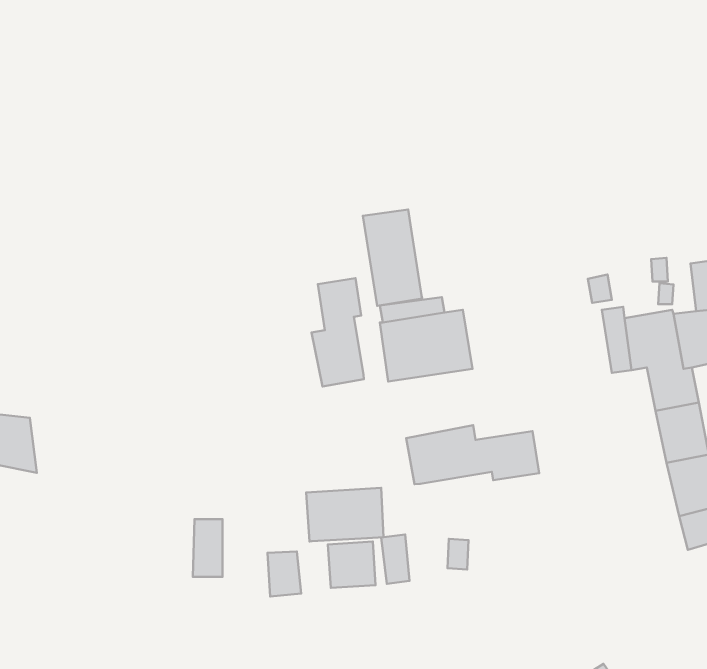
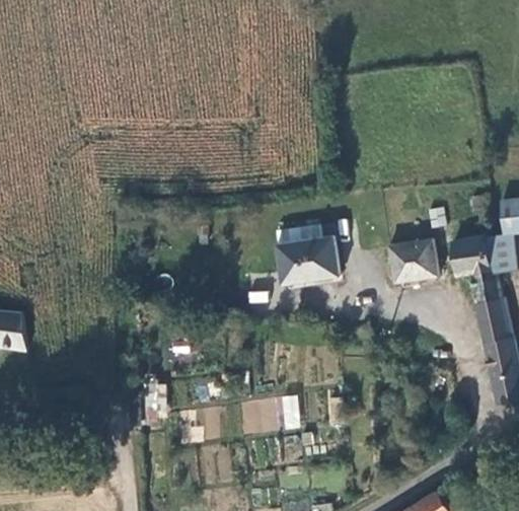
building: [363,210,422,306] -> none
building: [312,278,364,386] -> none
building: none -> [389,238,441,284]
building: [406,425,539,484] -> none
building: [306,488,383,542] -> none

